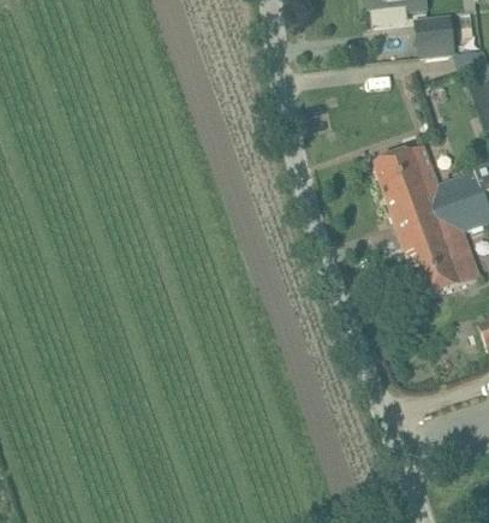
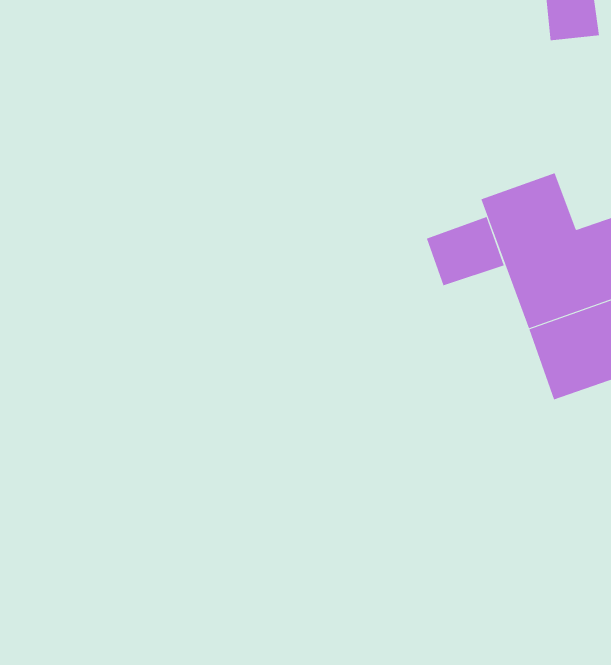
building: none -> [426,216,505,286]

